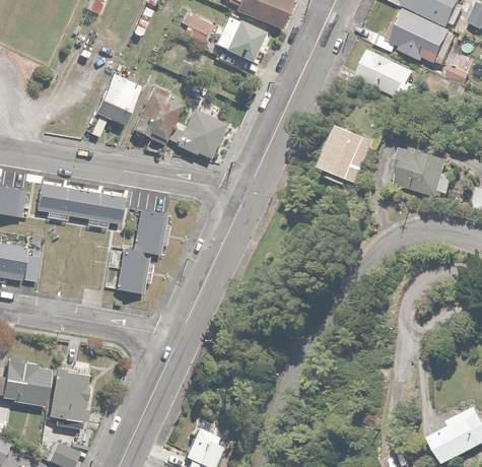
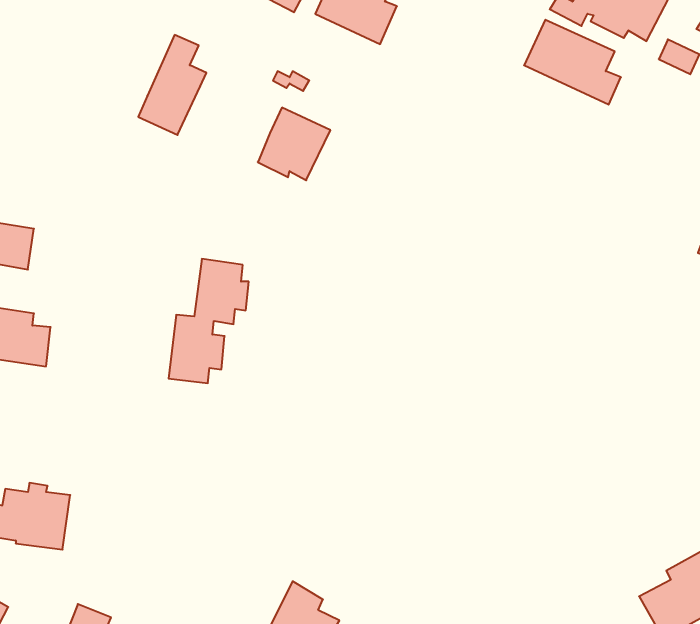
building: [132,90,184,144] -> none
building: [322,123,375,185] -> none
building: [397,150,449,197] -> none
building: [35,183,124,228] -> none
building: [48,360,89,427] -> none

